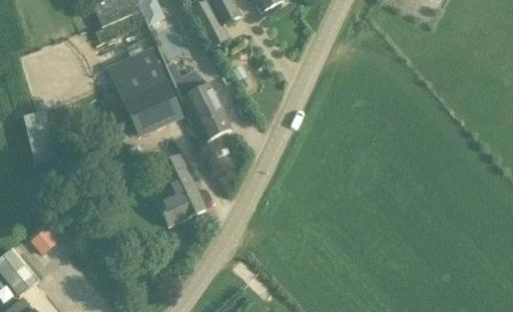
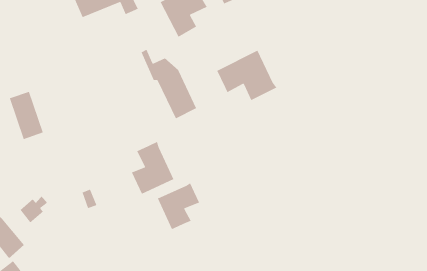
building: [107,46,183,138] -> none
building: none -> [216,50,278,101]
building: none -> [157,182,200,230]

